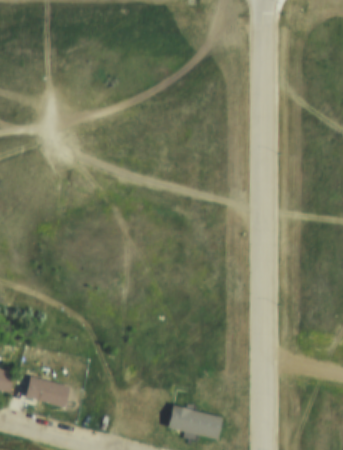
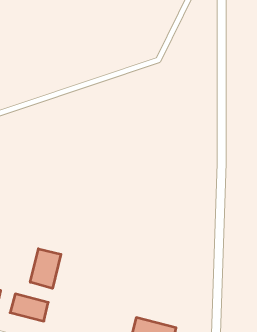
building: none -> [30,249,61,288]

